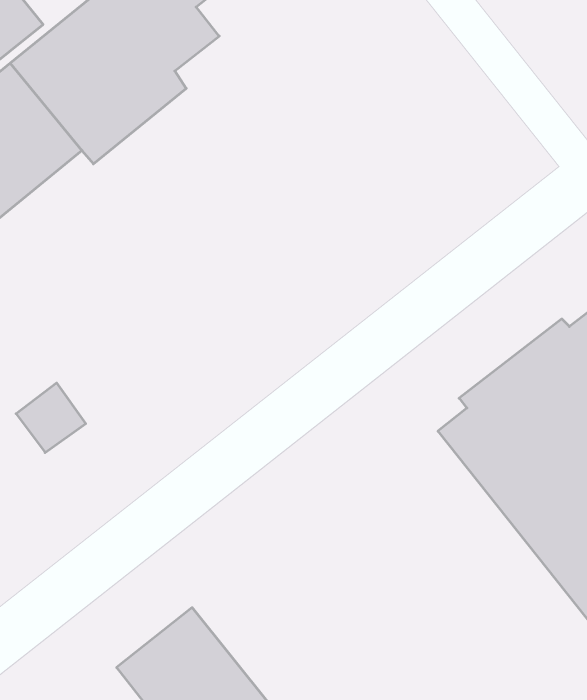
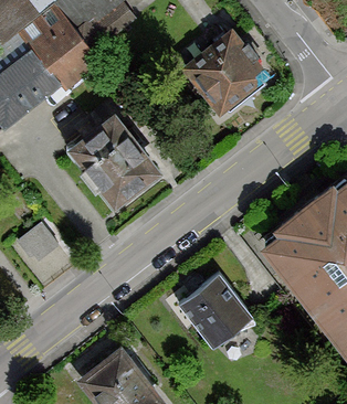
building: none -> [181,29,269,115]
building: none -> [69,113,160,208]
building: none -> [179,276,251,349]

